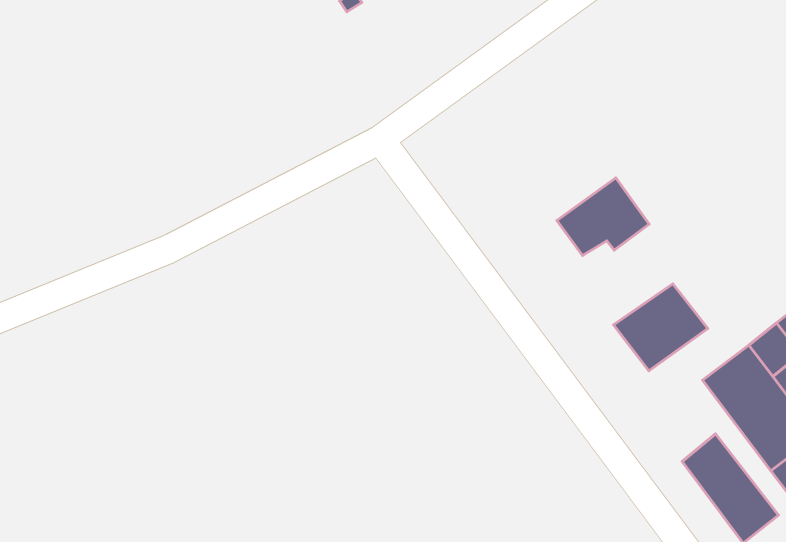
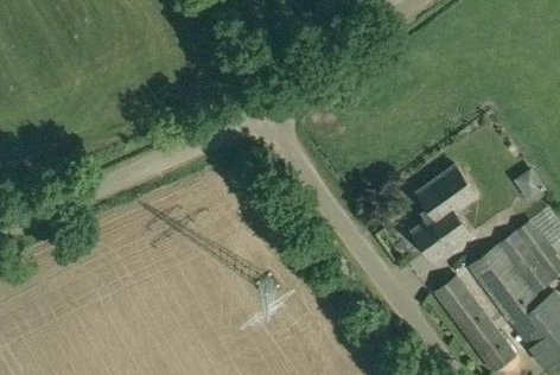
building: [557,178,649,256] -> [416,164,476,214]
building: none -> [434,274,476,318]

